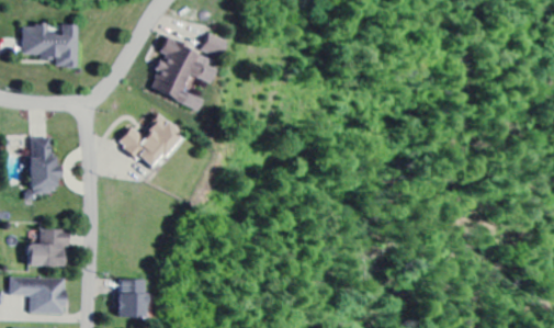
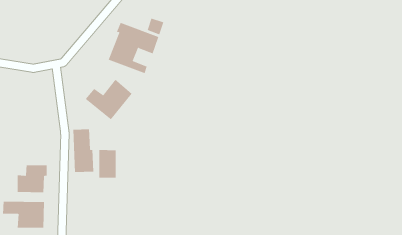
building: [22,24,78,66] -> none
building: [30,136,58,194] -> [73,129,94,173]
building: [120,279,144,317] -> [98,149,117,178]

